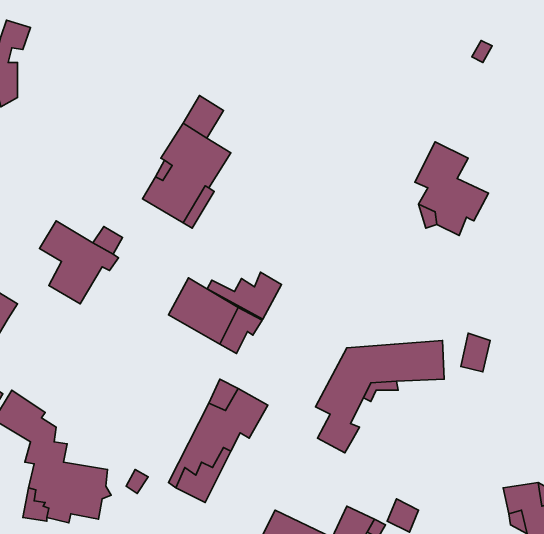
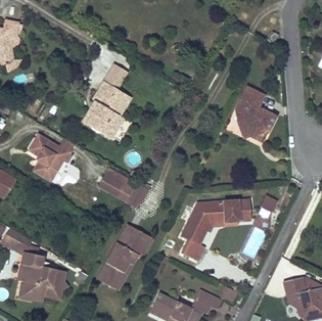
building: [207,272,281,319] -> none

